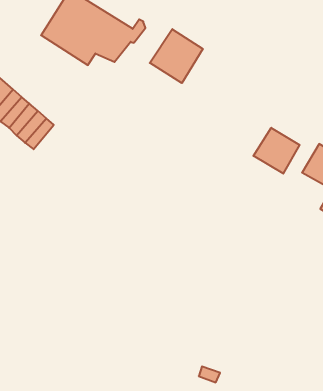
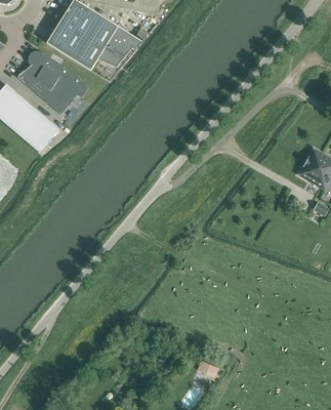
building: [150,29,203,83] -> none
building: none -> [17,50,88,114]
building: [253,128,300,174] -> none

